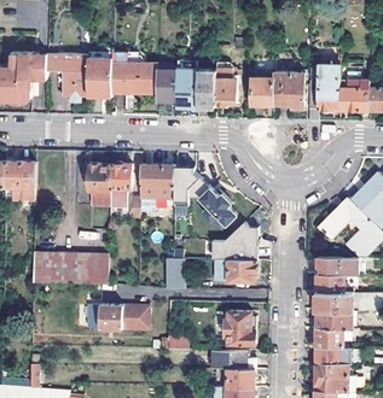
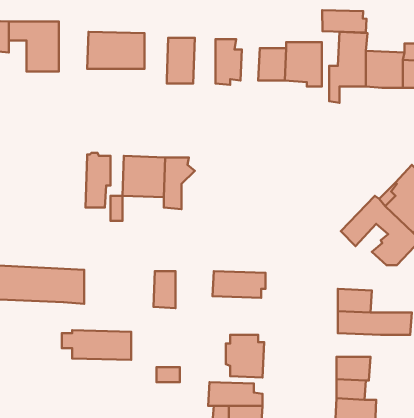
building: none -> [322,10,367,33]
building: [88,55,112,96] -> none
building: [157,66,178,103] -> none
building: [198,69,216,106] -> none
building: [82,163,111,207] -> none
building: [188,177,237,226] -> none
building: [213,222,259,261] -> none
building: [317,257,358,275] -> none
building: [315,310,352,329] -> none

